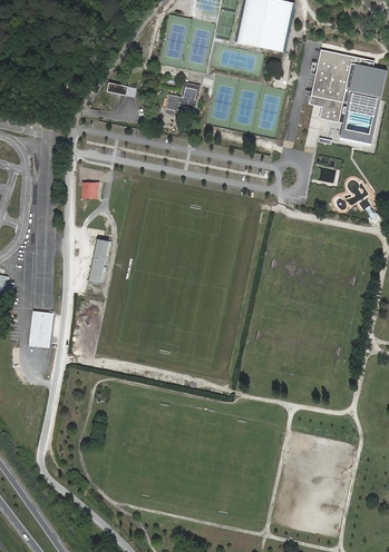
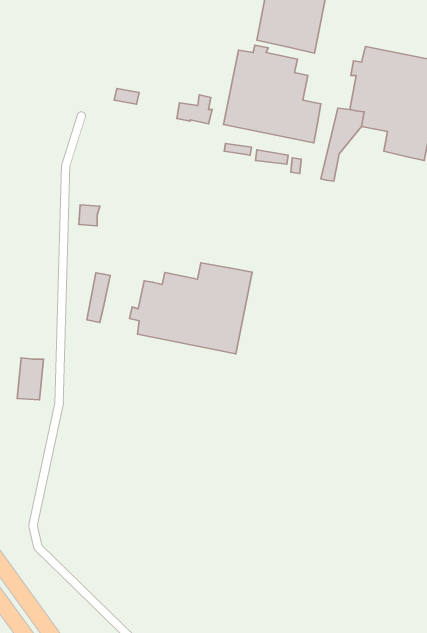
building: none -> [224,45,321,143]
building: none -> [129,263,252,354]

